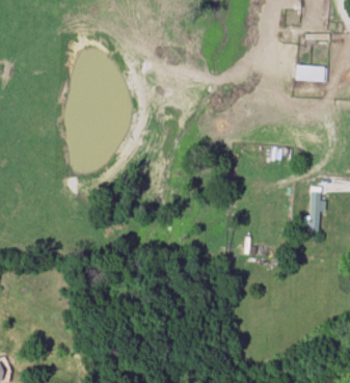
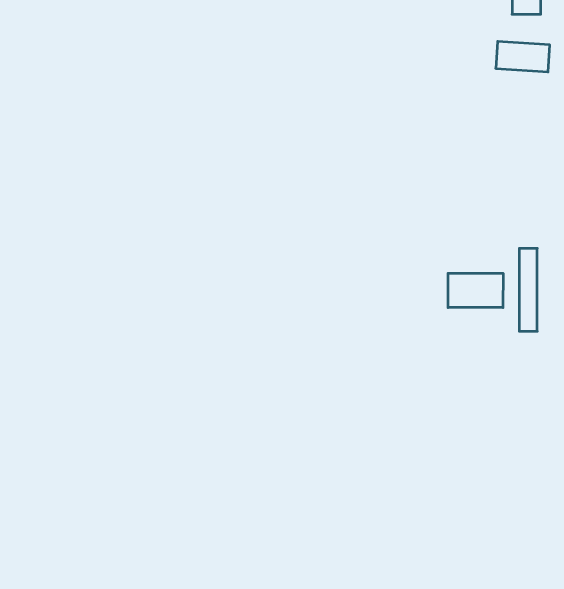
building: none -> [448,273,503,308]

